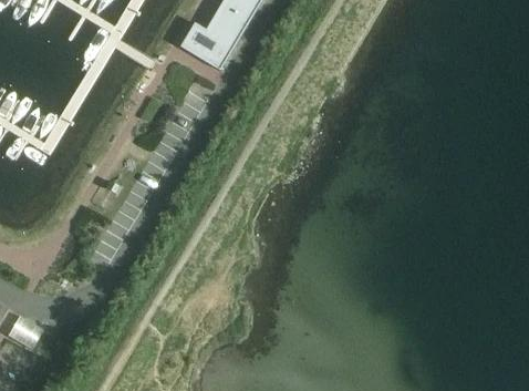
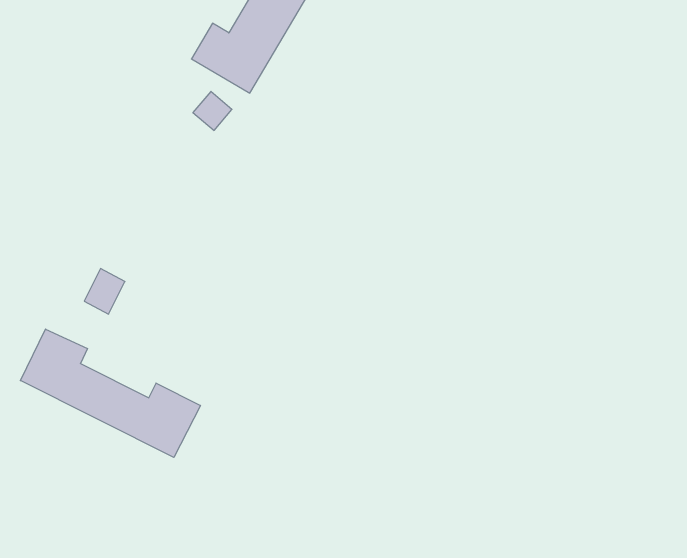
building: none -> [20,329,200,457]

